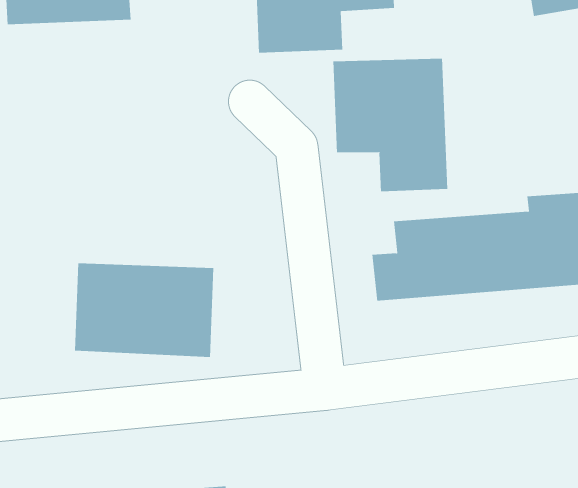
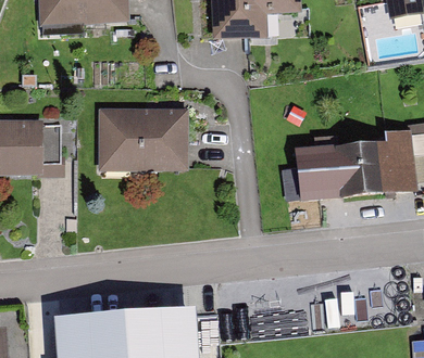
building: [333,58,448,192] -> none
building: [74,263,214,358] -> [99,107,190,169]

